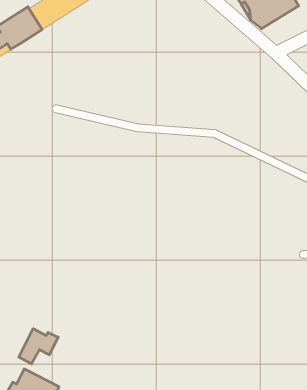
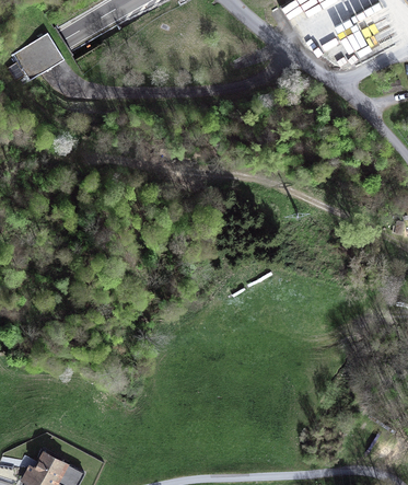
building: [19,329,58,364] -> none

